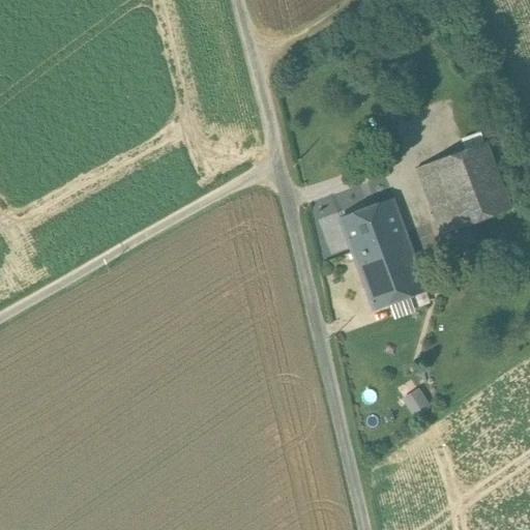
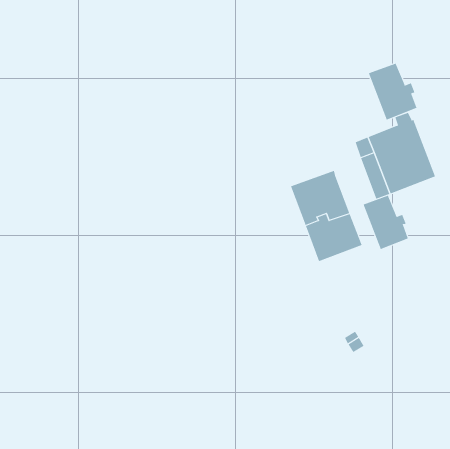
building: none -> [368,63,417,121]
building: none -> [363,195,408,250]

